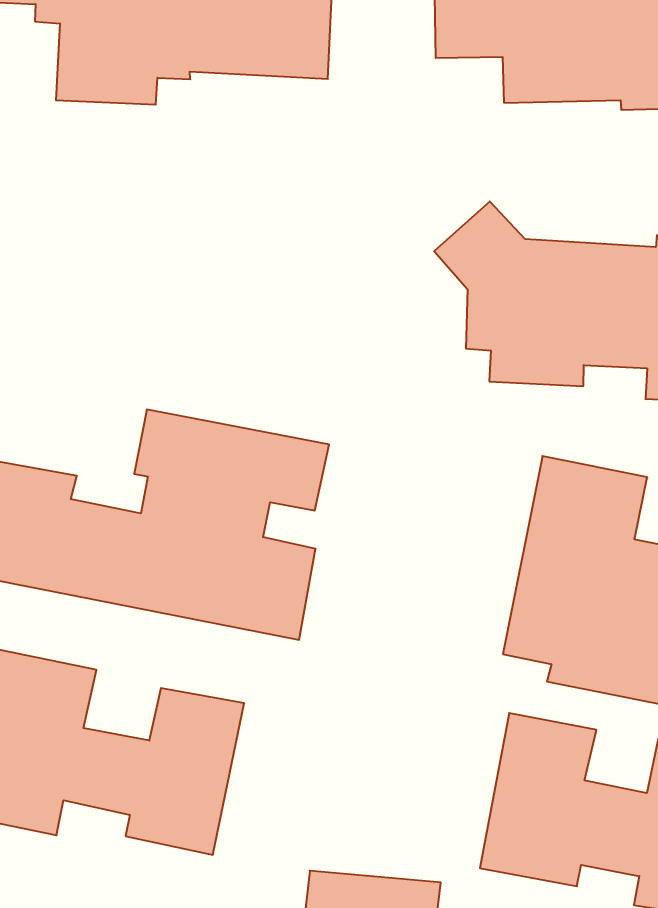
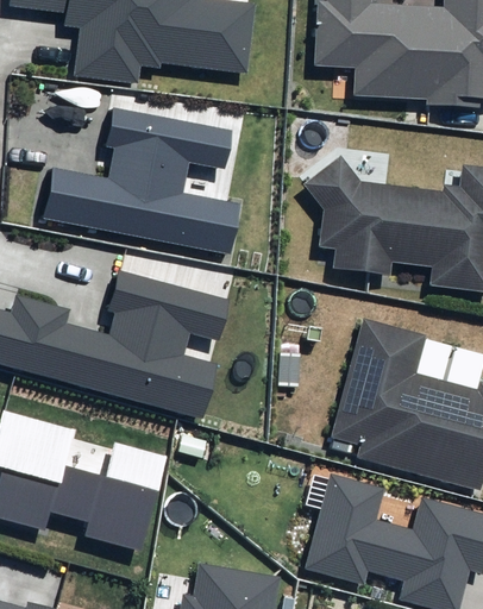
building: none -> [44,107,239,252]

